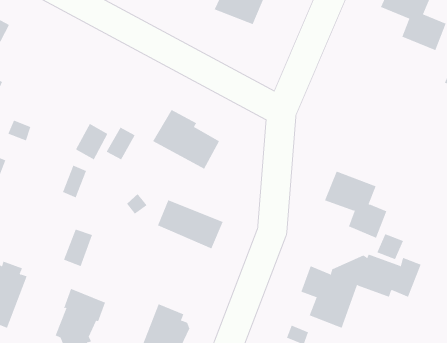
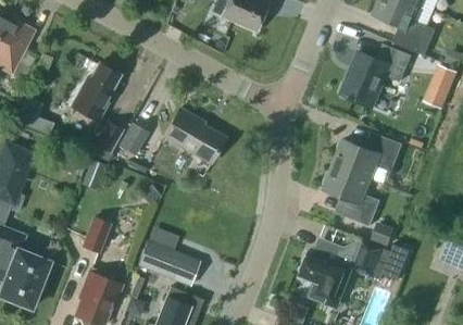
building: none -> [341,45,411,105]
building: none -> [70,63,120,122]
building: none -> [333,135,401,178]
building: [157,199,224,249] -> [139,240,200,286]

